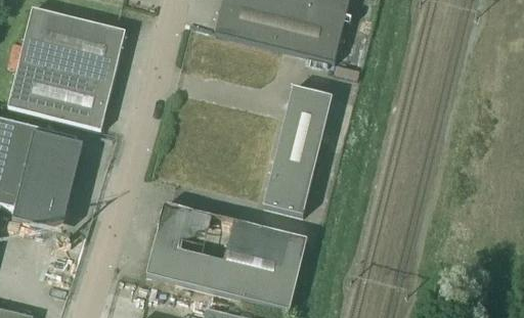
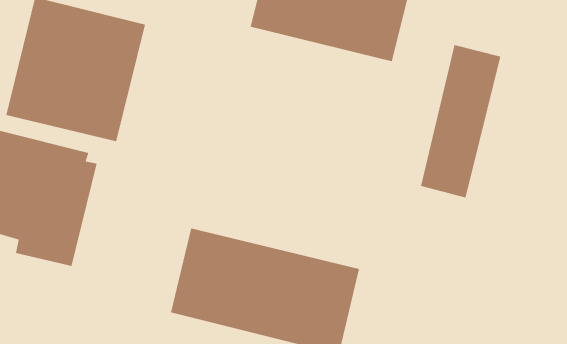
building: [264,84,333,214] -> [420,45,501,198]

